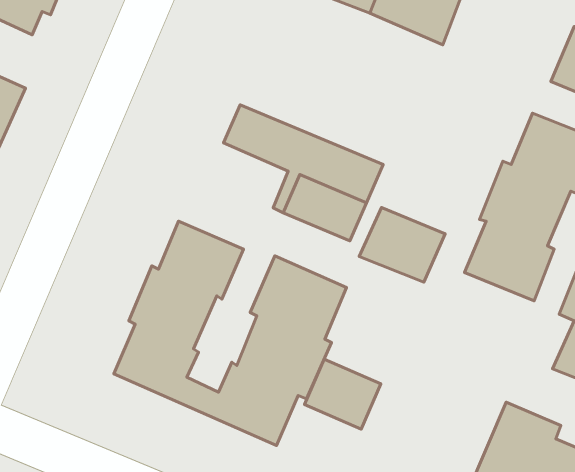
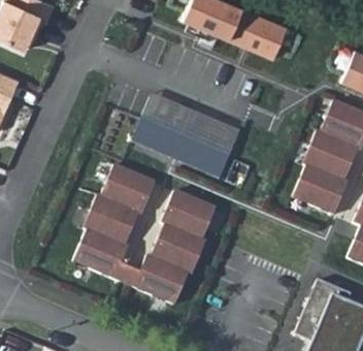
building: none -> [131,117,182,157]
building: [359,207,445,282] -> none
building: [305,359,381,429] -> none

